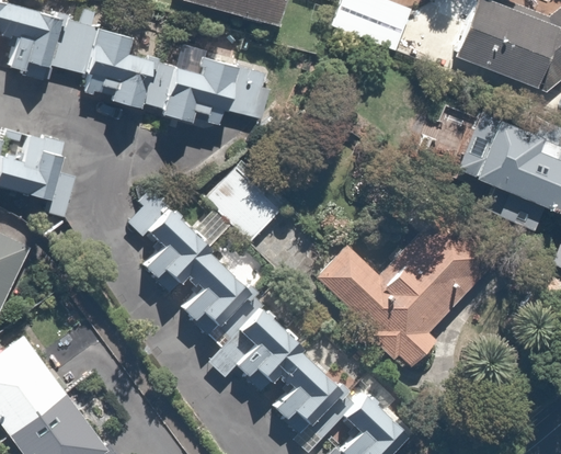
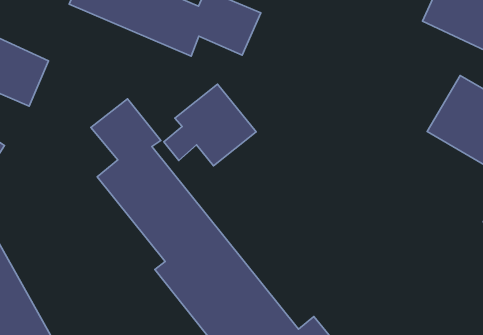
building: [310,215,494,384] -> none

